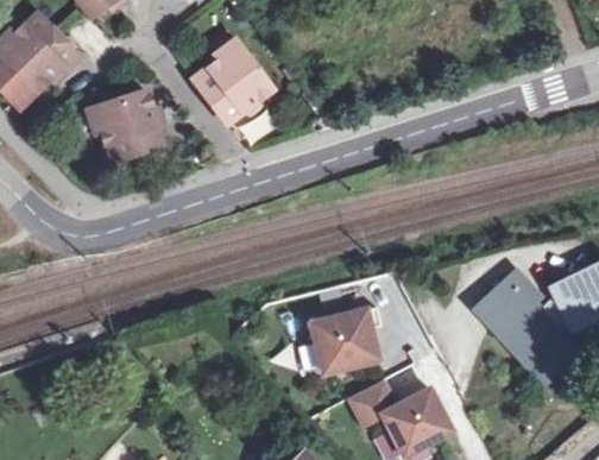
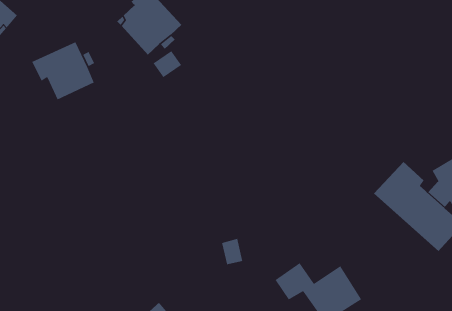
building: [314,305,384,370] -> none

